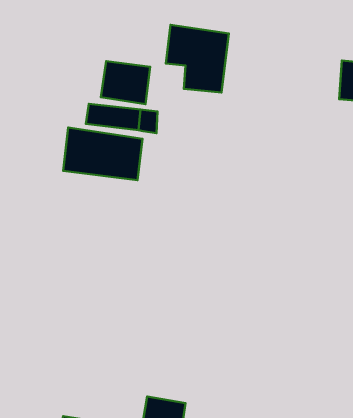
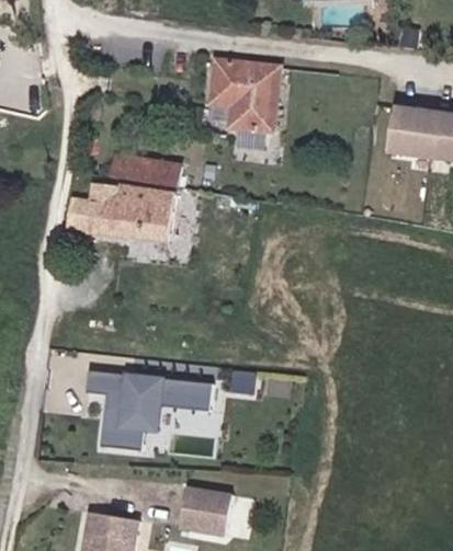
building: [101,61,150,104] -> none
building: none -> [87,374,213,451]

